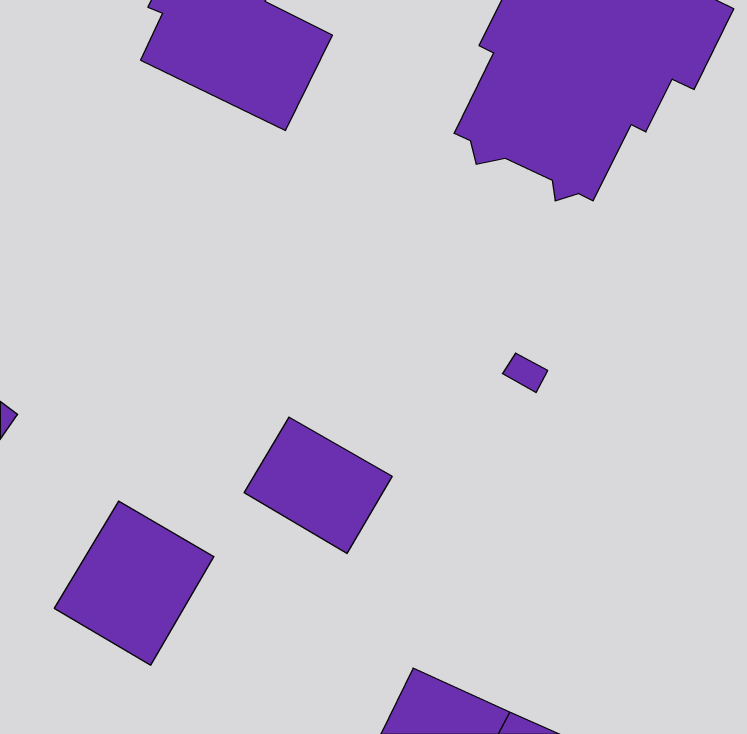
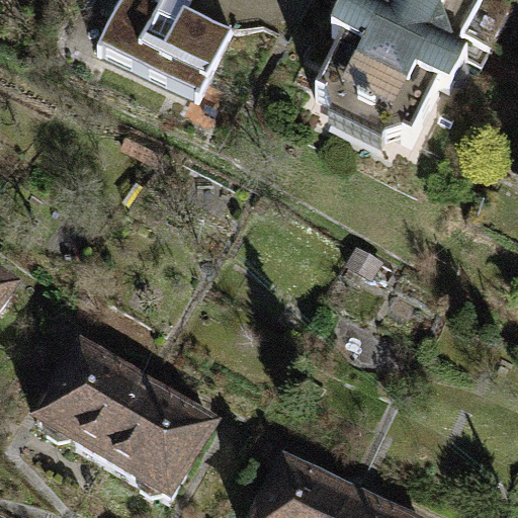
building: [244,417,392,554] -> none
building: none -> [105,384,214,498]

